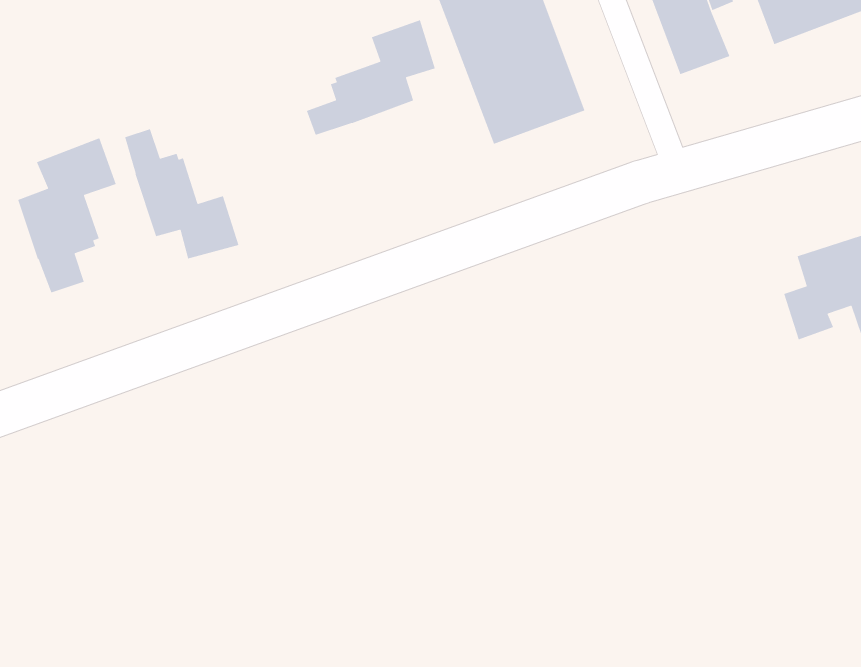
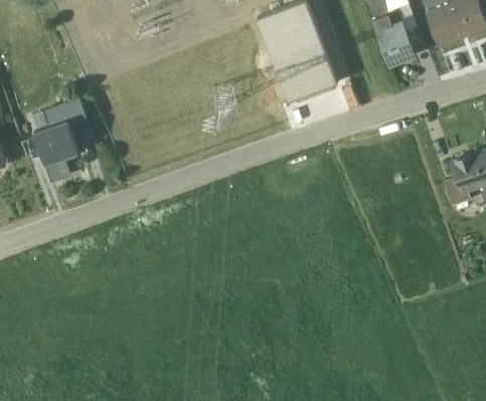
building: [306,19,436,136] -> none
building: [124,128,239,259] -> none

